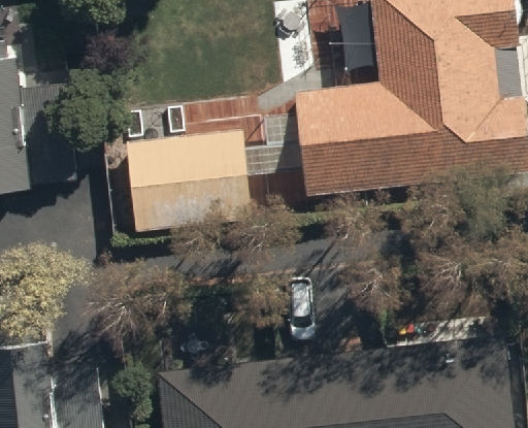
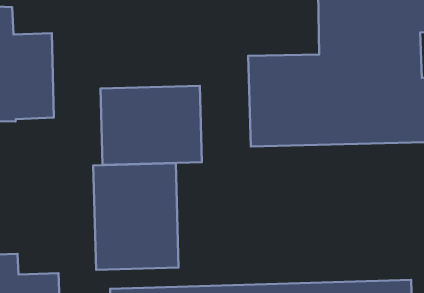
building: none -> [93,163,179,270]

